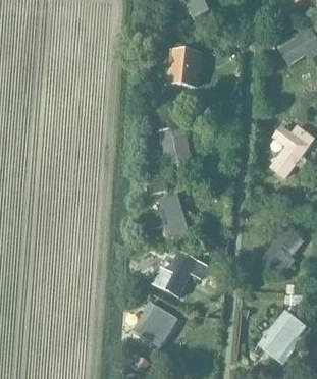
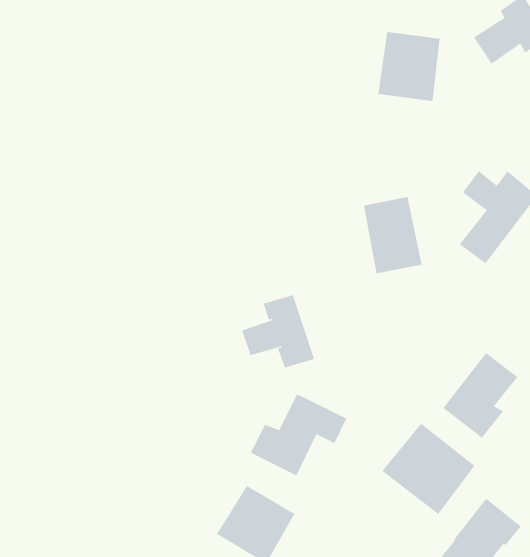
building: [166,49,202,89] -> [378,31,440,101]
building: [160,125,194,169] -> [363,197,422,274]
building: none -> [382,423,475,515]

